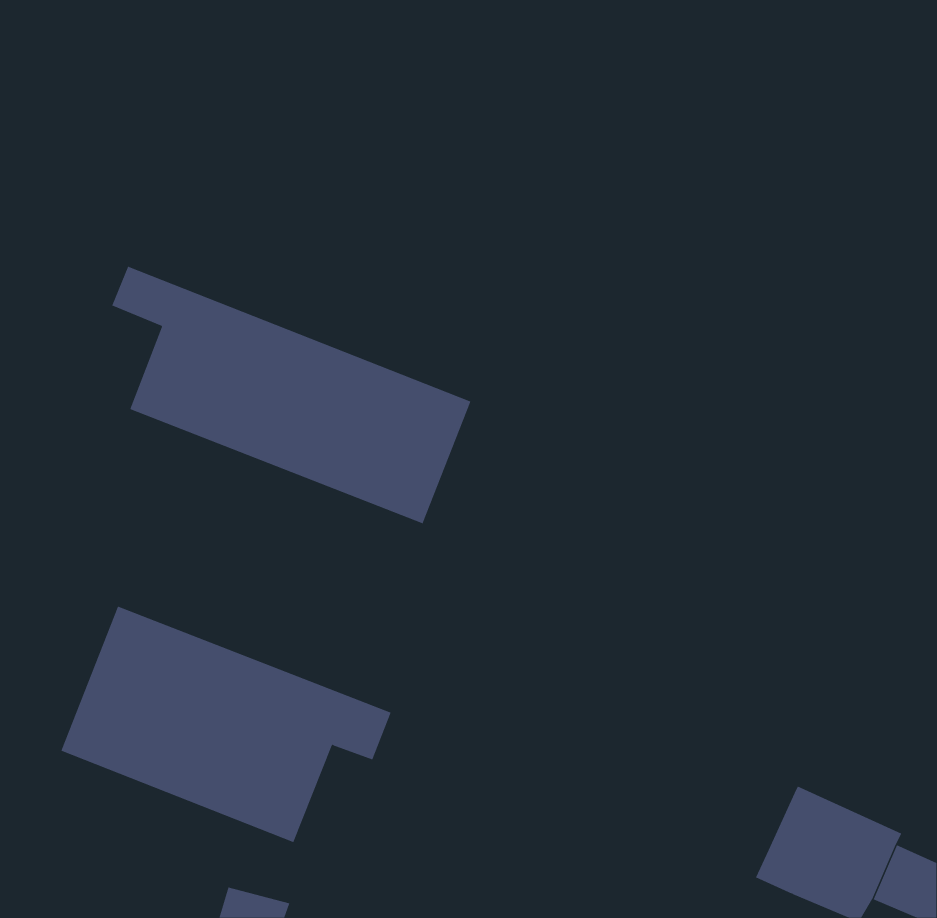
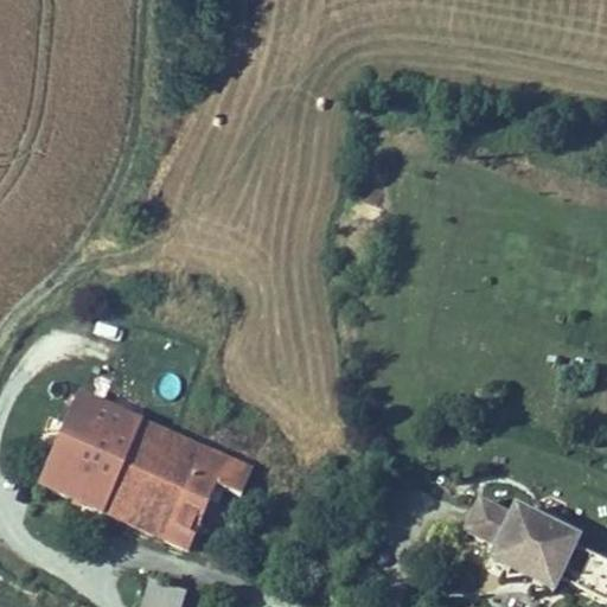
building: [111,266,471,524] -> none
building: none -> [460,496,512,549]

